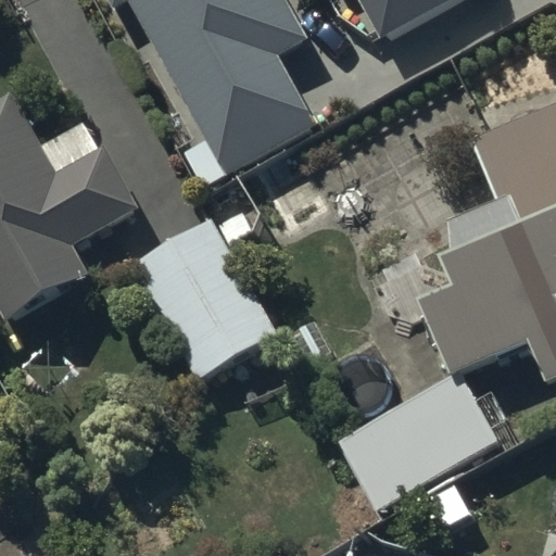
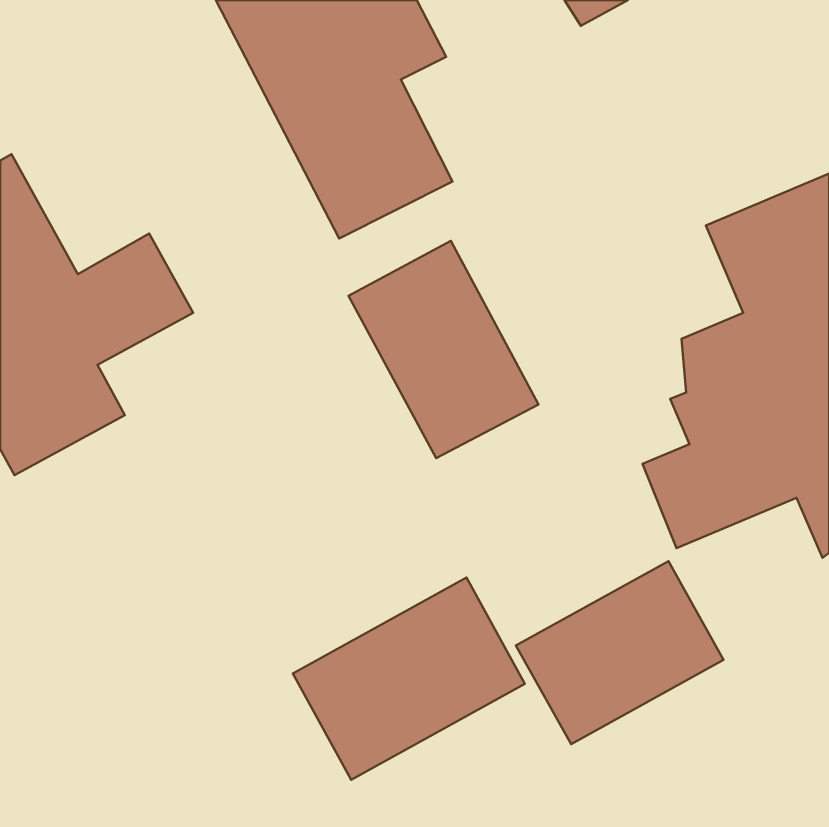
building: [142,226,269,371] -> [349,241,538,458]
building: none -> [293,578,525,780]

